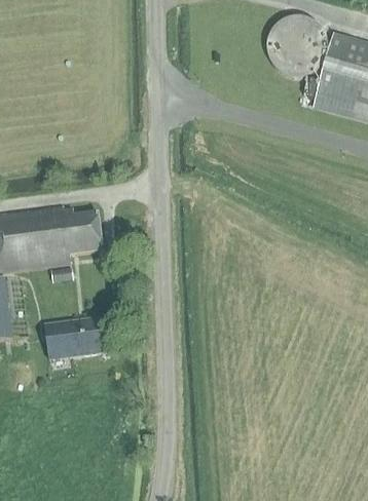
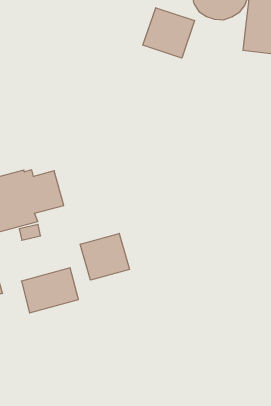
building: none -> [143,8,195,58]
building: none -> [80,233,130,280]

